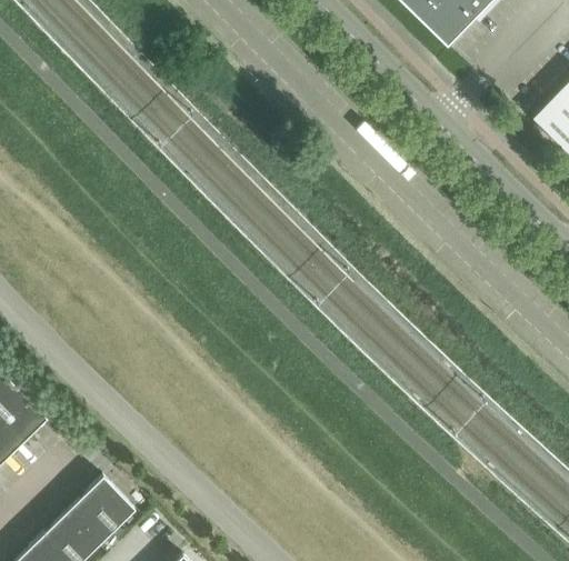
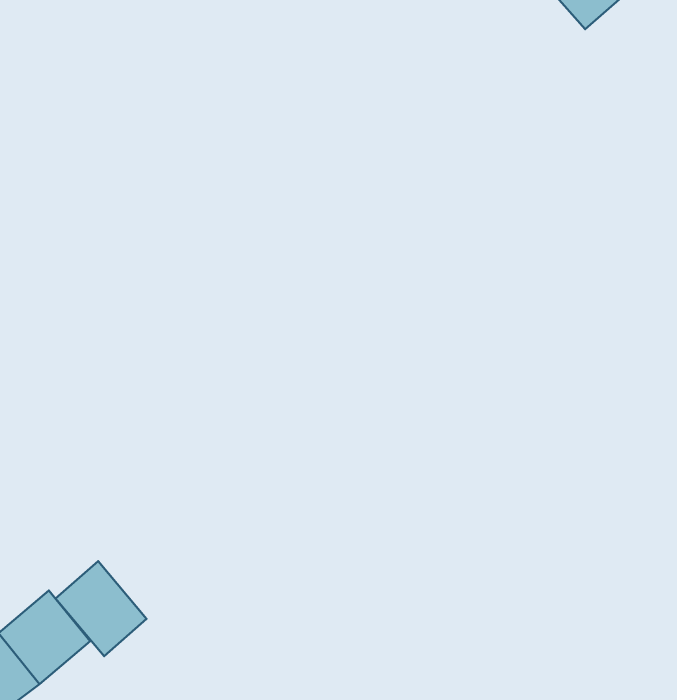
building: none -> [56,561,147,656]

